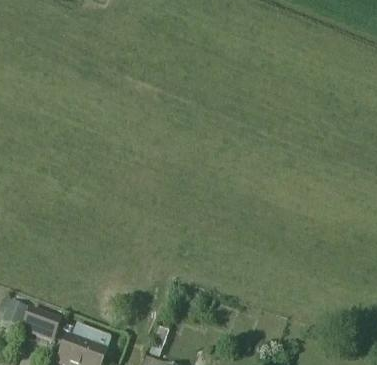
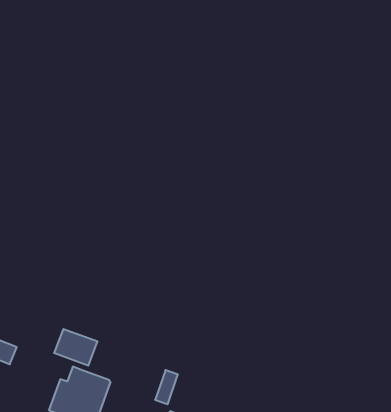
building: [21,306,59,338] -> [54,329,98,366]

